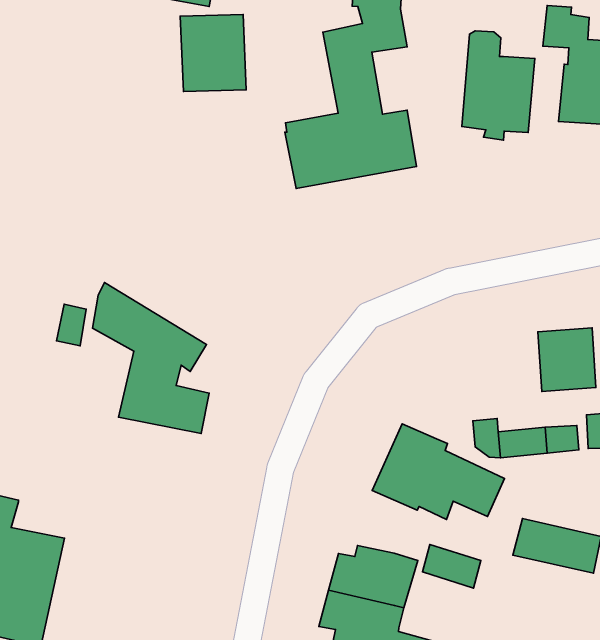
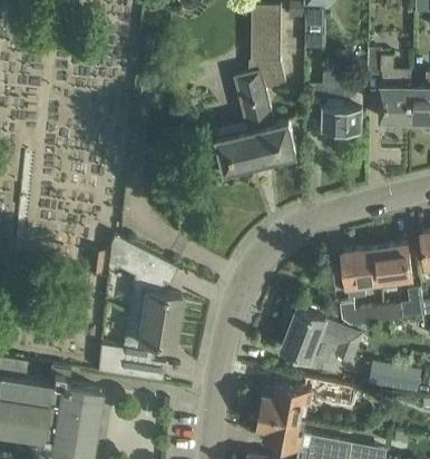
building: [180,14,246,92] -> none
building: none -> [343,250,380,299]
building: none -> [98,316,177,383]

